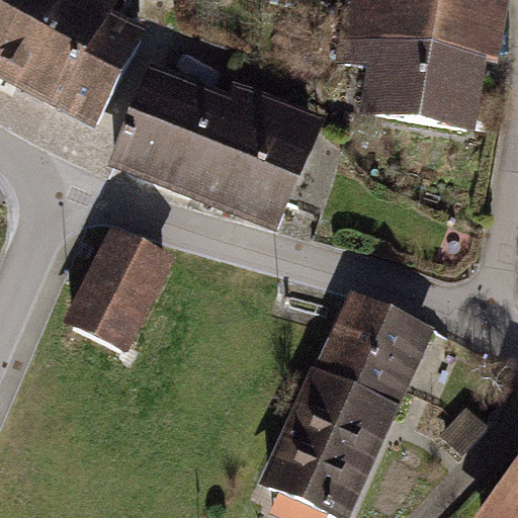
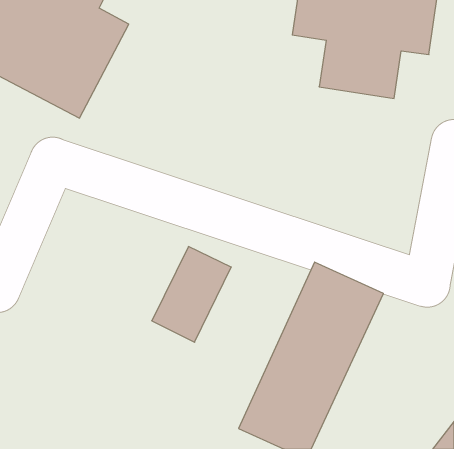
building: [118,76,314,221] -> none
building: [75,238,165,346] -> [152,247,231,342]

